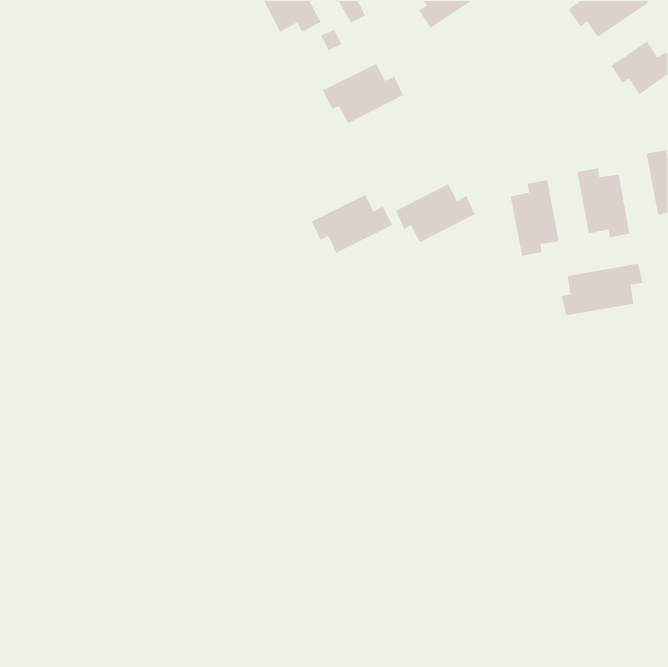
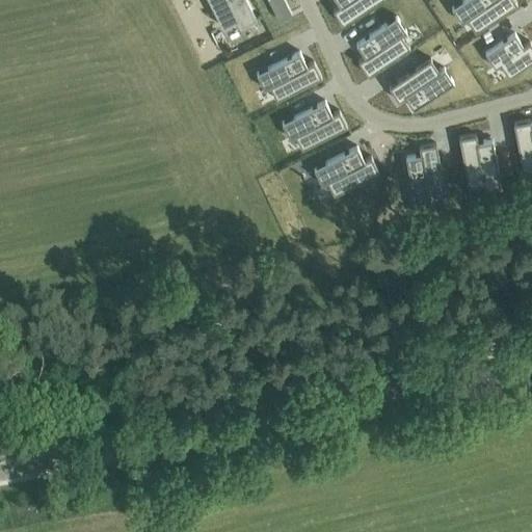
building: none -> [355,17,409,75]
building: none -> [389,58,453,109]
building: [311,194,393,254] -> [282,101,347,149]
building: [561,263,644,316] -> none

